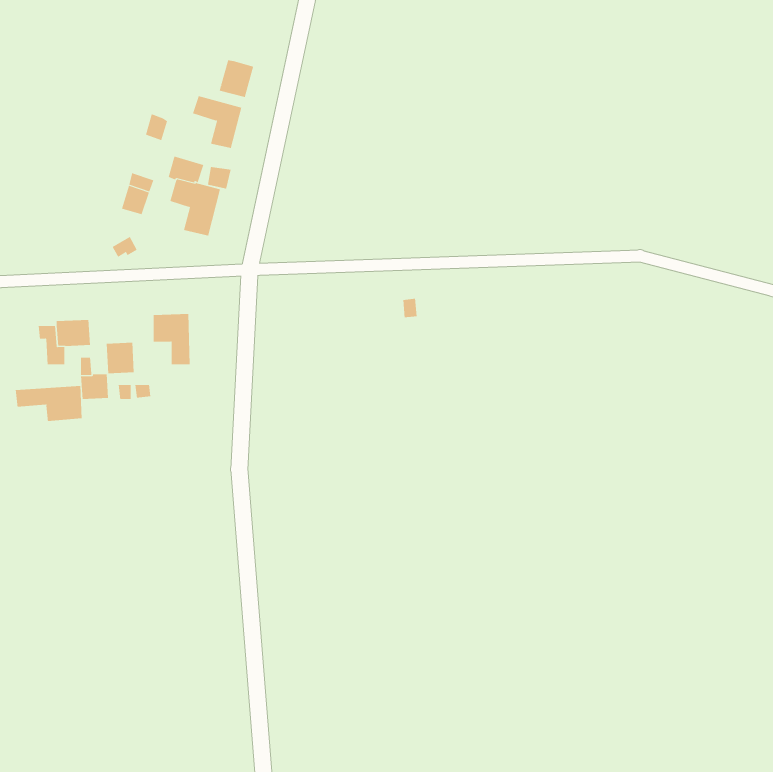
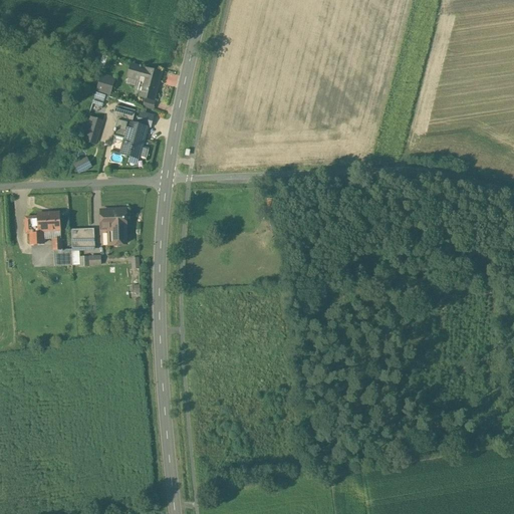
building: [219,59,254,98] -> none
building: [15,385,82,422] -> none

